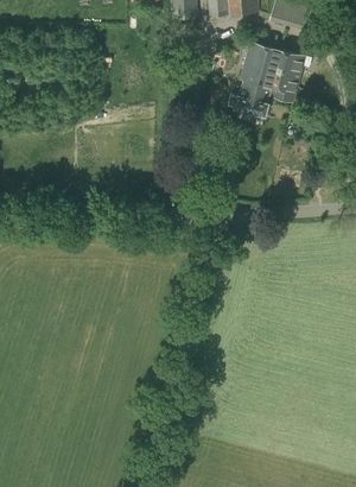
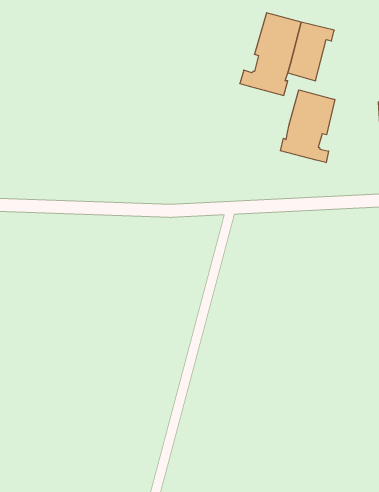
building: none -> [280,90,335,163]

